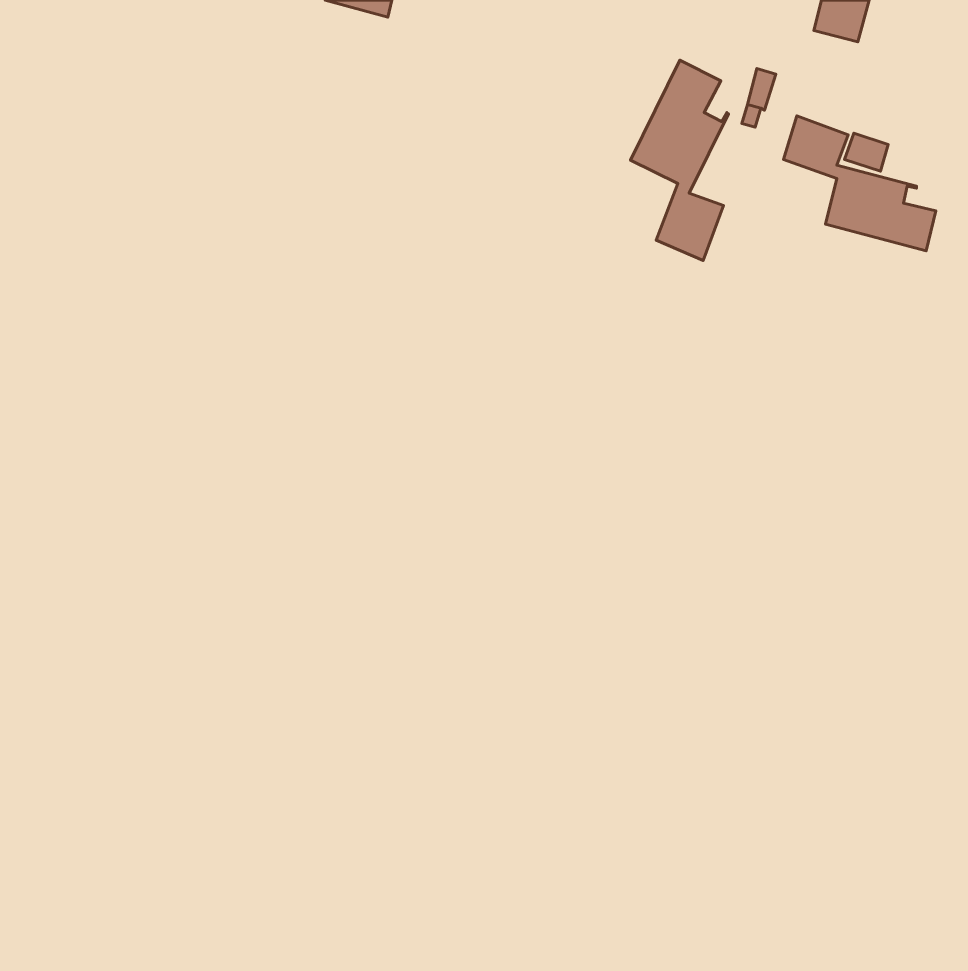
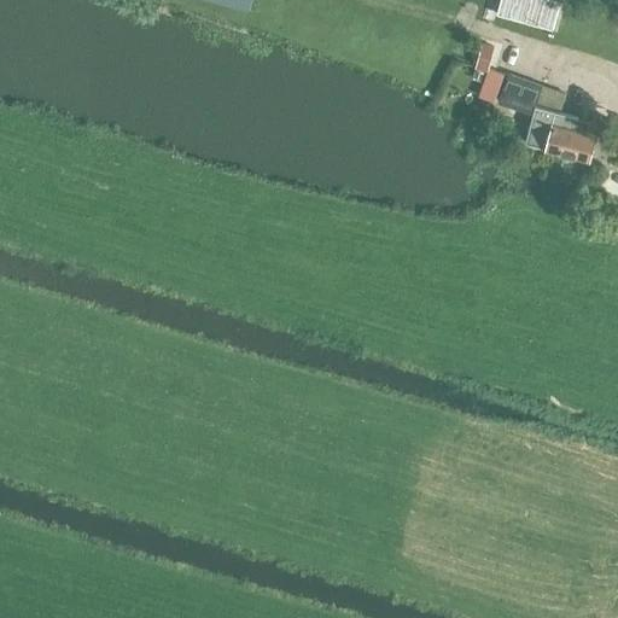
building: [631,60,728,261] -> none

